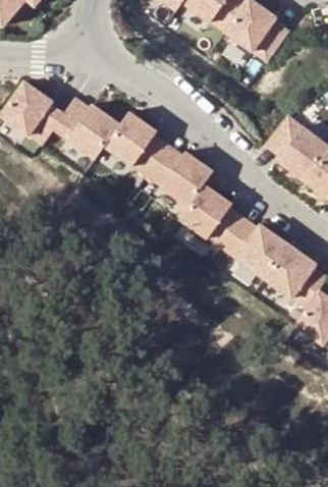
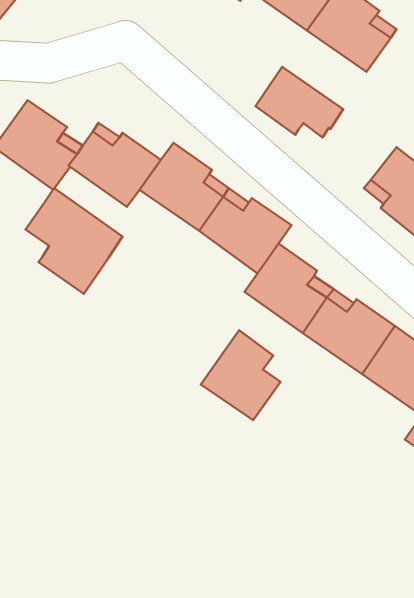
building: none -> [256,67,343,138]
building: none -> [25,188,123,294]
building: none -> [201,330,280,420]

